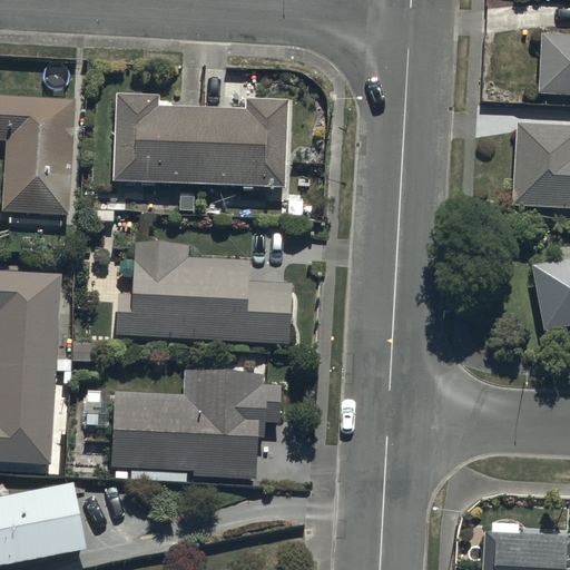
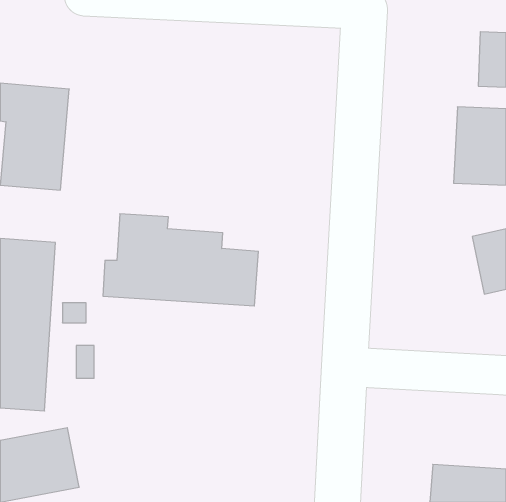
building: [111,95,287,187] -> none
building: [109,370,263,475] -> none

